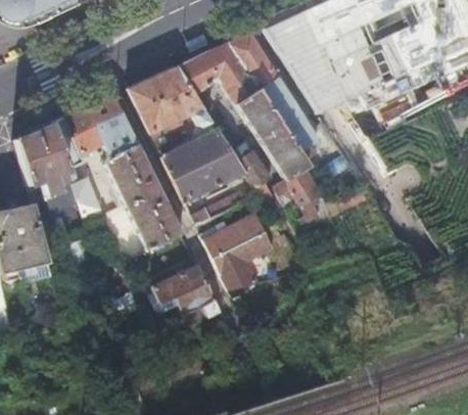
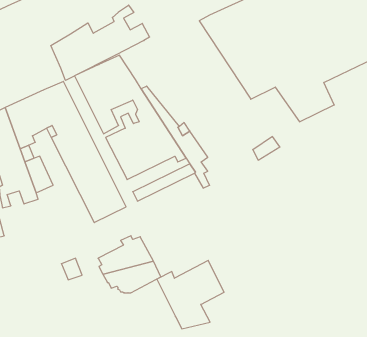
building: none -> [51,5,150,80]
building: [175,33,318,220] -> none
building: [198,213,272,287] -> [157,260,224,329]

